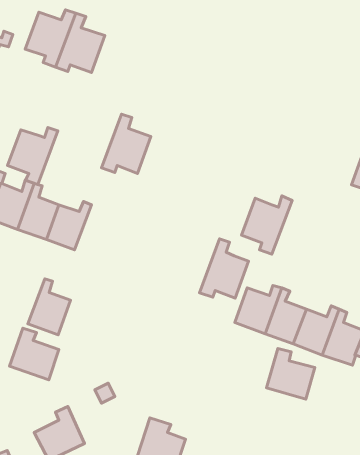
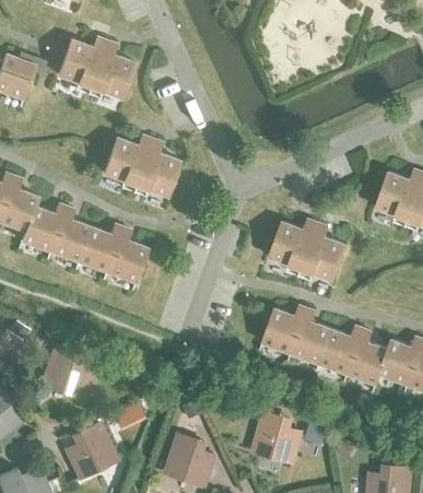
building: [8,127,58,185] -> [102,136,151,191]
building: [199,239,249,298] -> [297,223,345,281]
building: [28,279,71,335] -> [105,227,146,282]
building: [267,349,315,399] -> [252,413,299,462]

